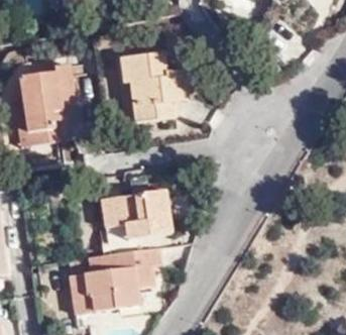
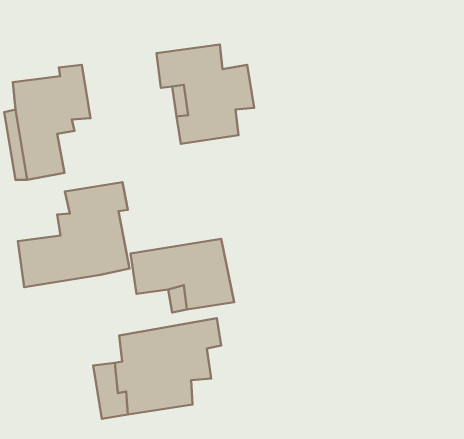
building: none -> [18,182,130,287]

